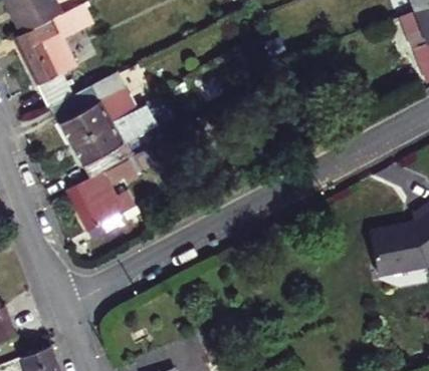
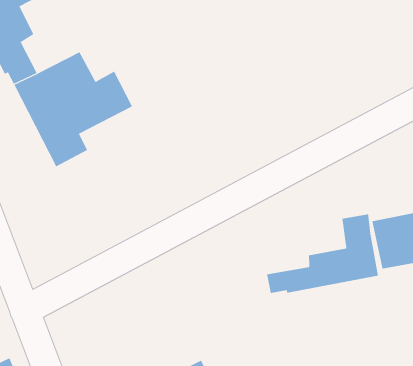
building: [66,159,142,240] -> none
building: none -> [266,213,379,294]

